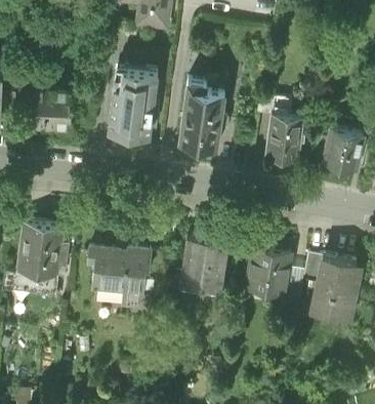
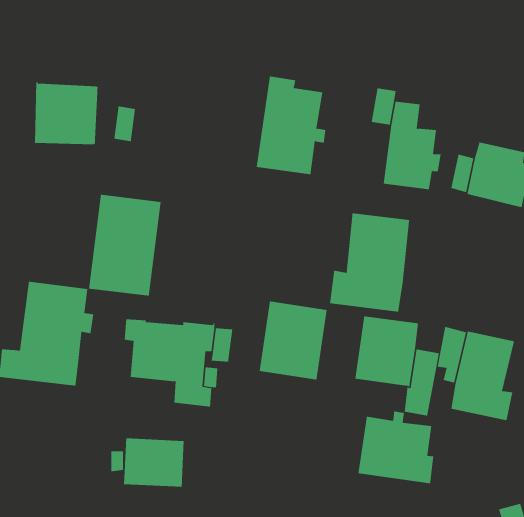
building: [108,70,158,139] -> [88,194,161,296]
building: none -> [330,212,410,313]
building: none -> [358,411,434,484]
building: none -> [124,438,184,488]

